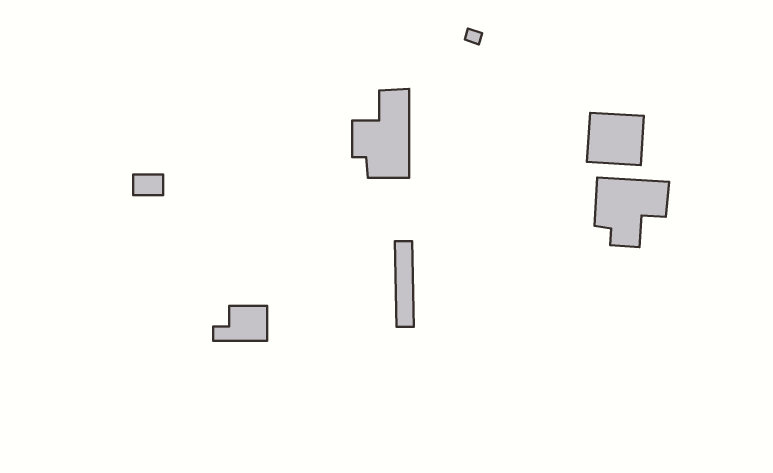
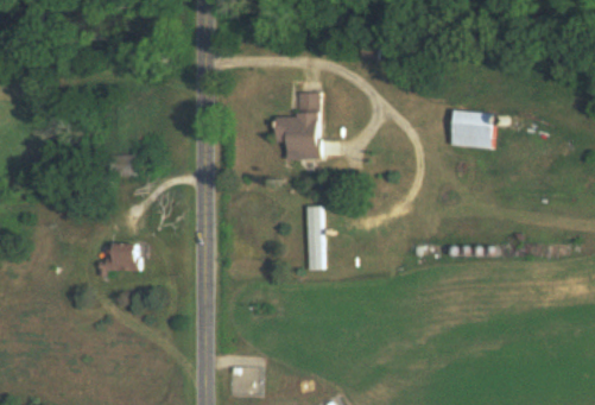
building: [594,178,669,247] -> none
building: [213,306,267,341] -> [99,242,139,268]

